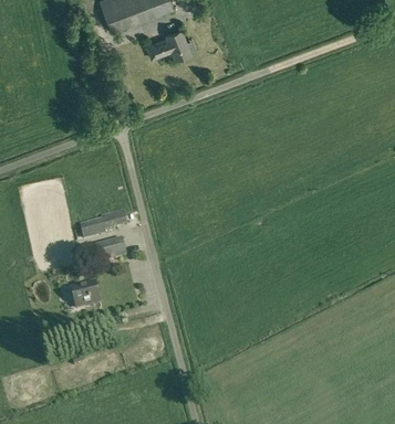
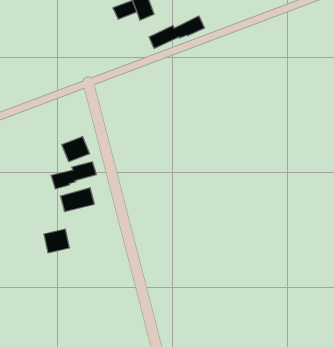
building: none -> [149,16,205,48]
building: none -> [62,136,90,162]

